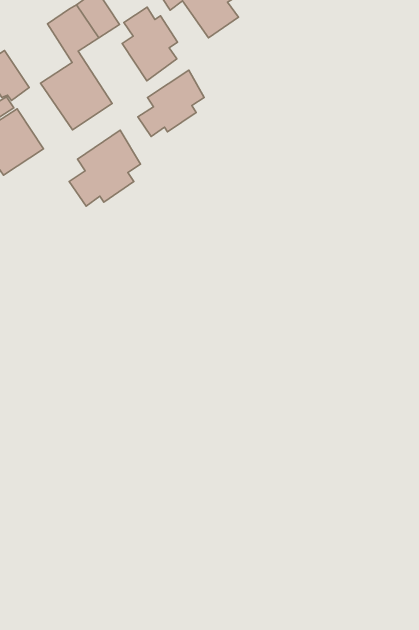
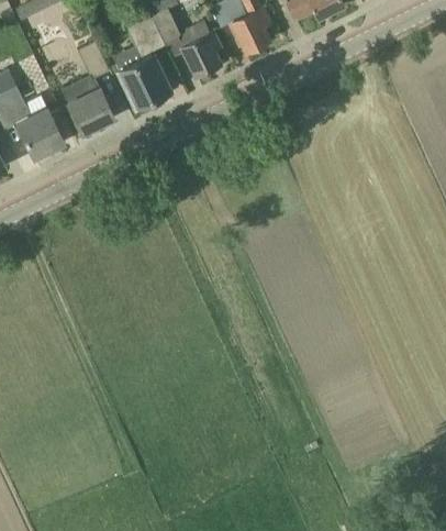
building: [138,70,204,136] -> none
building: [69,130,141,206] -> none

